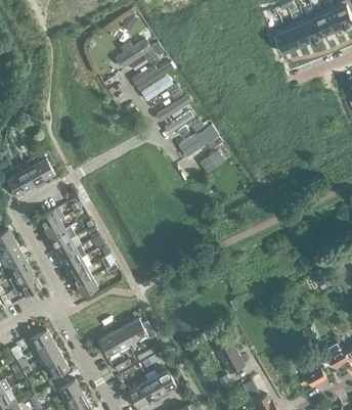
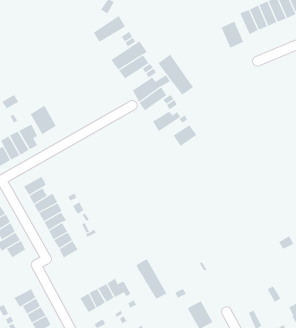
building: none -> [221,21,244,49]
building: none -> [158,54,194,95]
building: none -> [30,105,57,135]
building: none -> [136,258,167,299]

